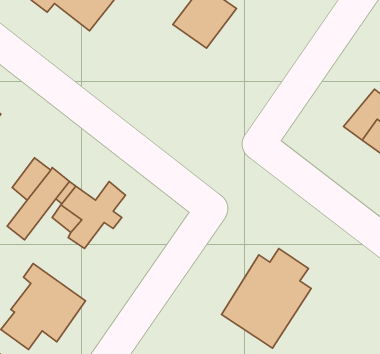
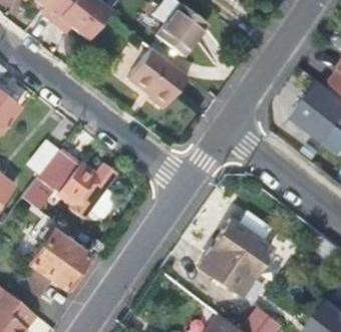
building: none -> [129,48,190,106]

